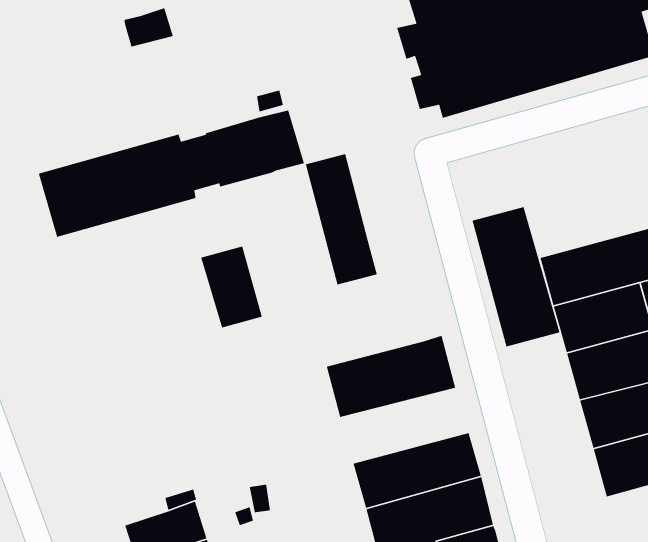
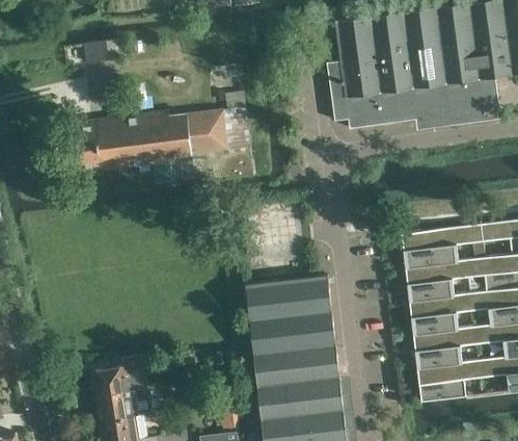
building: [124,7,174,48] -> [84,41,116,64]
building: [305,153,378,285] -> none
building: [471,206,560,348] -> none
building: [200,245,263,328] -> none
building: none -> [249,314,335,355]

